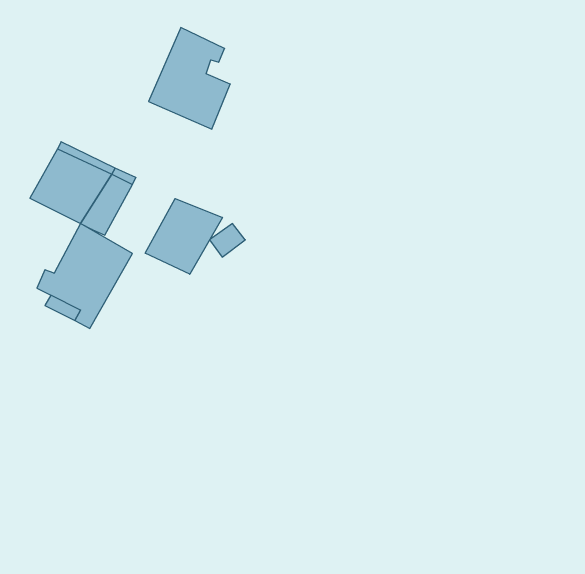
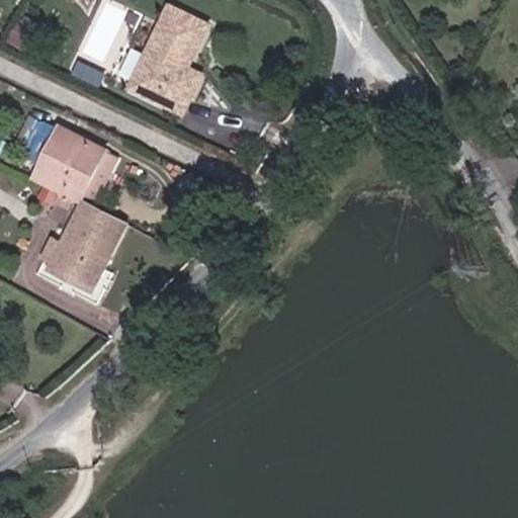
building: none -> [162,6,209,42]
building: [145,199,222,274] -> none

